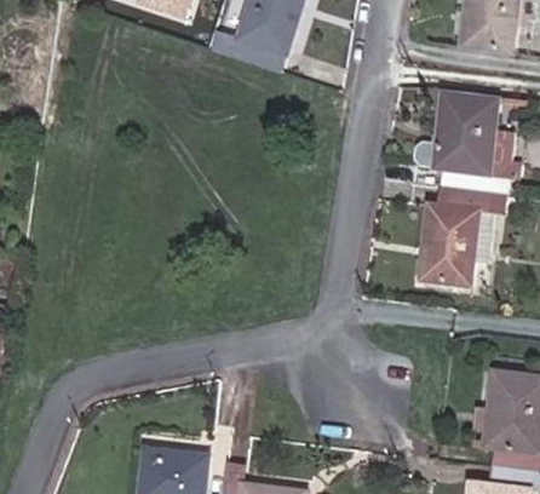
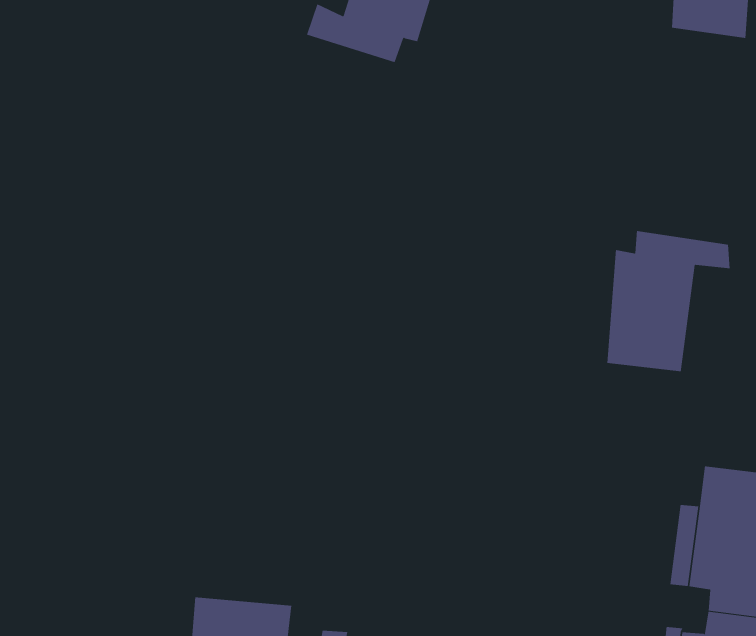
building: [441,91,505,178] -> none

